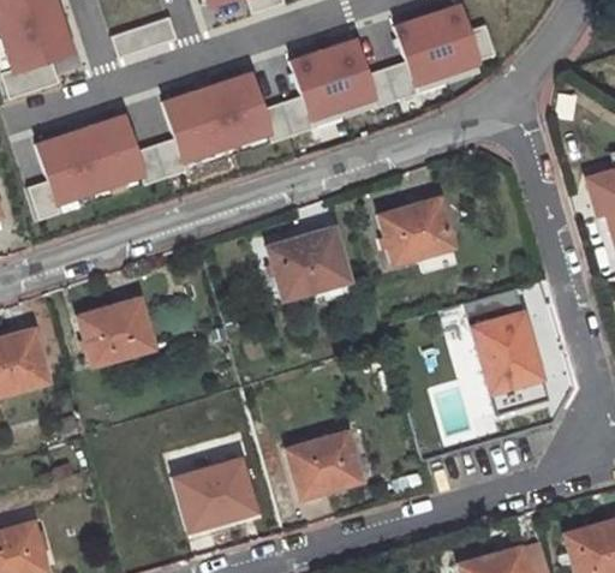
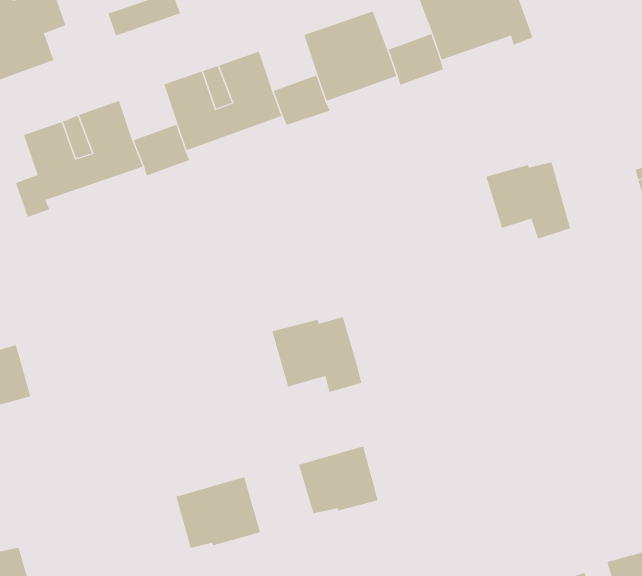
building: [376,204,453,274] -> [485,162,571,239]
building: [267,234,348,303] -> [272,316,362,392]
building: [76,305,150,364] -> none
building: [471,311,537,393] -> none

